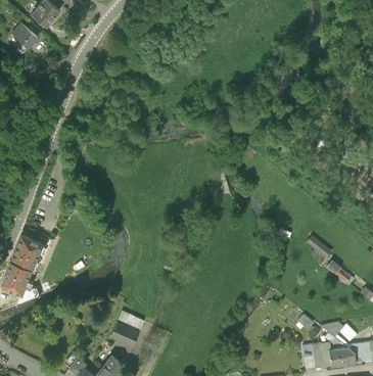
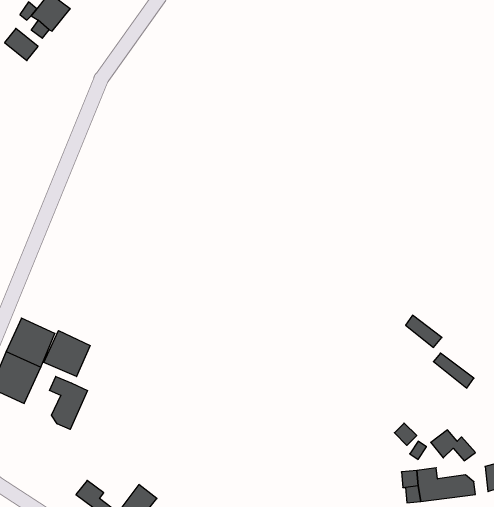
building: none -> [44,331,90,377]
building: none -> [49,376,87,429]
building: [110,321,139,345] -> none

